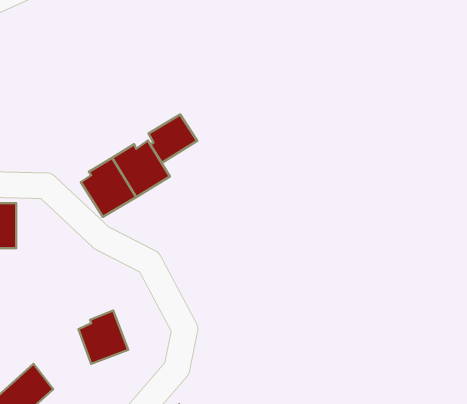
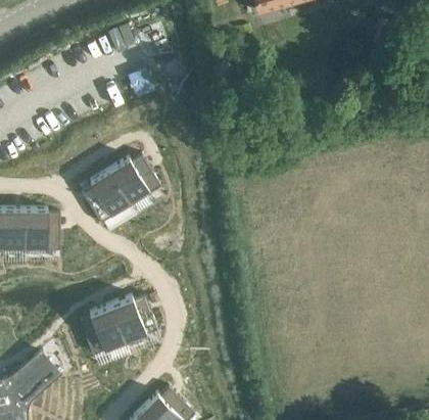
building: [148,115,197,163] -> none
building: none -> [23,211,59,250]
building: none -> [109,297,154,340]

